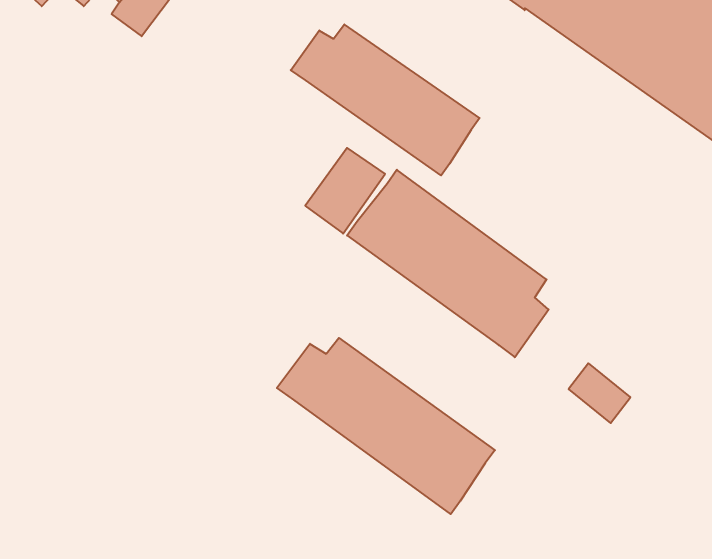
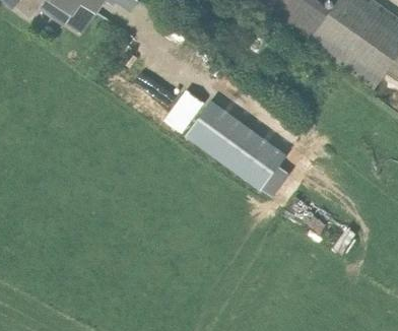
building: [291,24,480,175] -> none
building: [277,338,495,514] -> none

